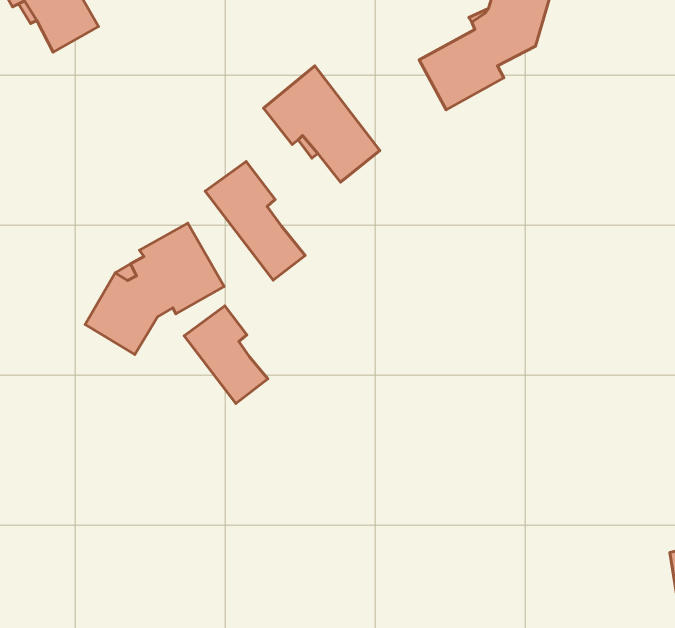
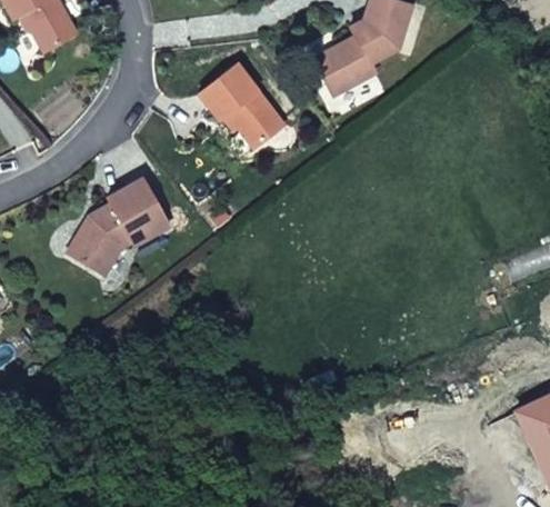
building: [205,161,305,280] -> none
building: [184,306,268,404] -> none

